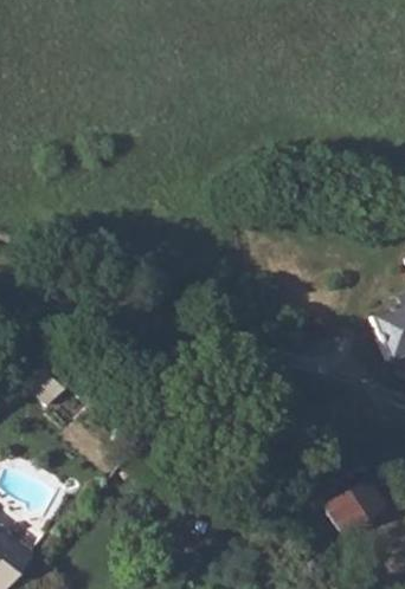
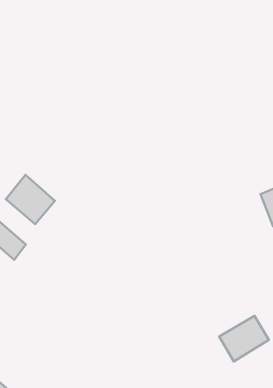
building: none -> [6,175,55,224]

